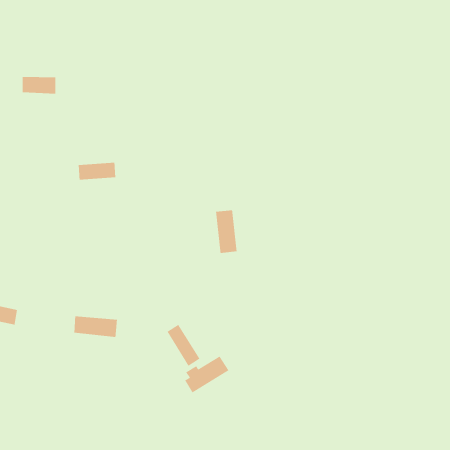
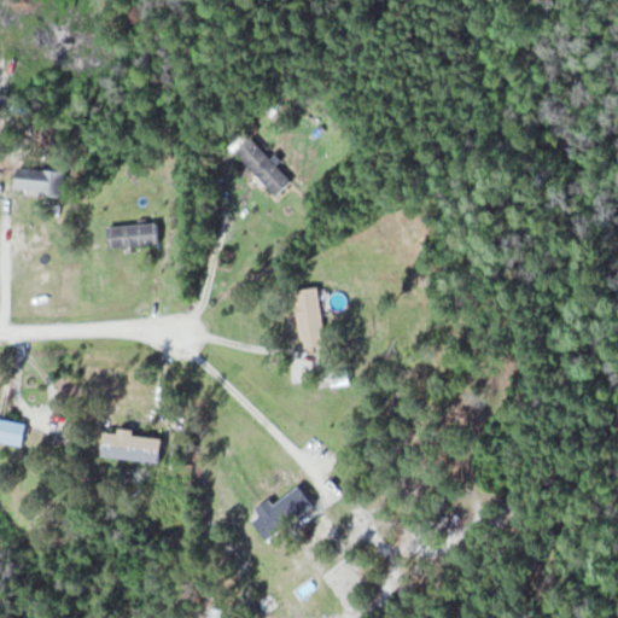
building: [22,76,56,95] -> [16,171,63,197]
building: none -> [235,140,291,198]
building: [167,324,200,367] -> none

